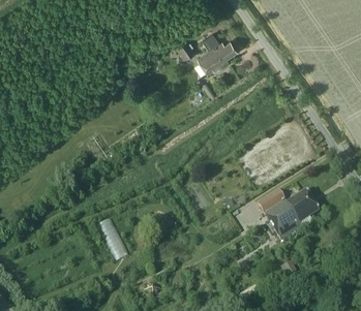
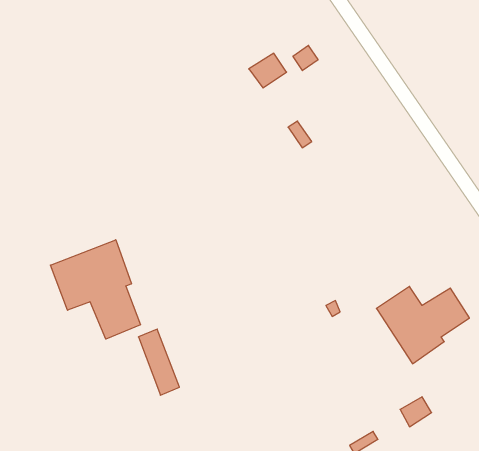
building: [198,38,237,72] -> none
building: none -> [50,240,140,339]

